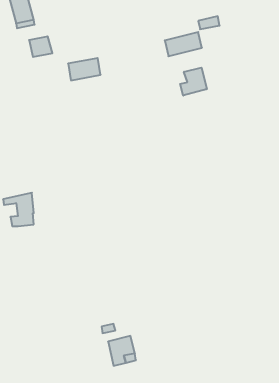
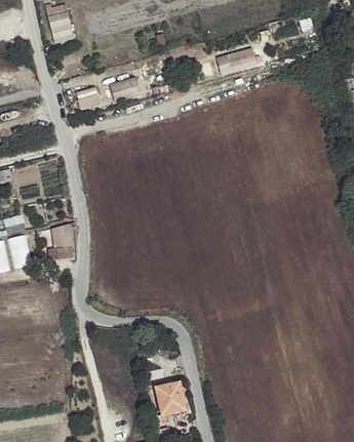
building: [29,36,52,57] -> [77,86,103,109]
building: [180,68,207,96] -> none

